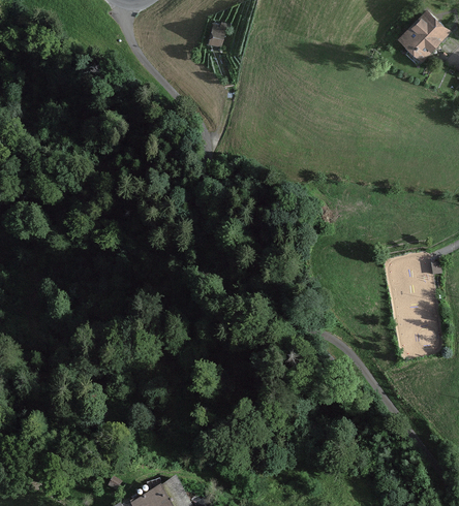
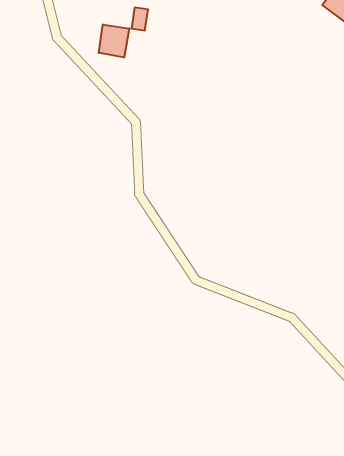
building: none -> [99,24,129,57]

